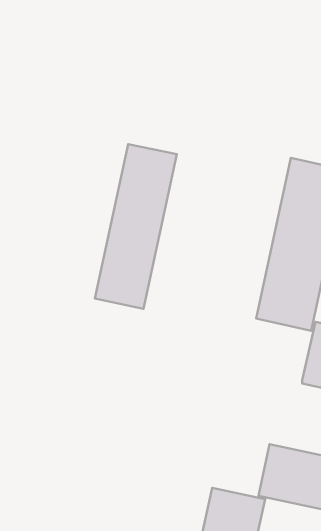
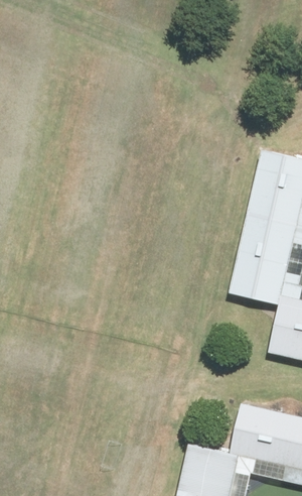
building: [95,144,177,309] -> none

